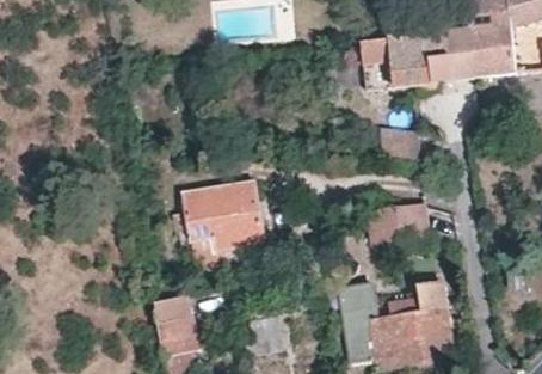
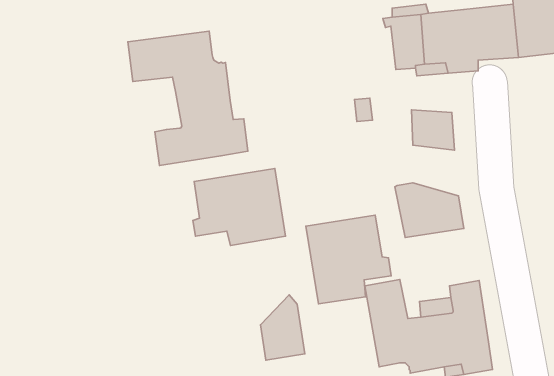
building: none -> [128,31,248,166]
building: none -> [306,215,391,304]
building: [158,314,197,357] -> none

